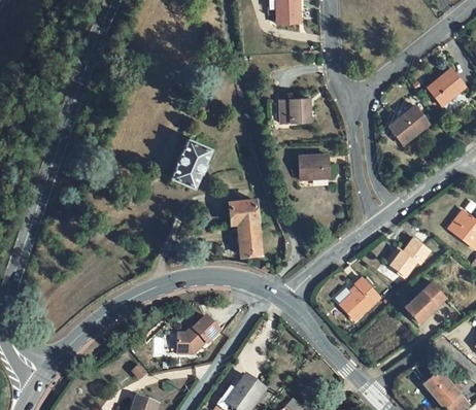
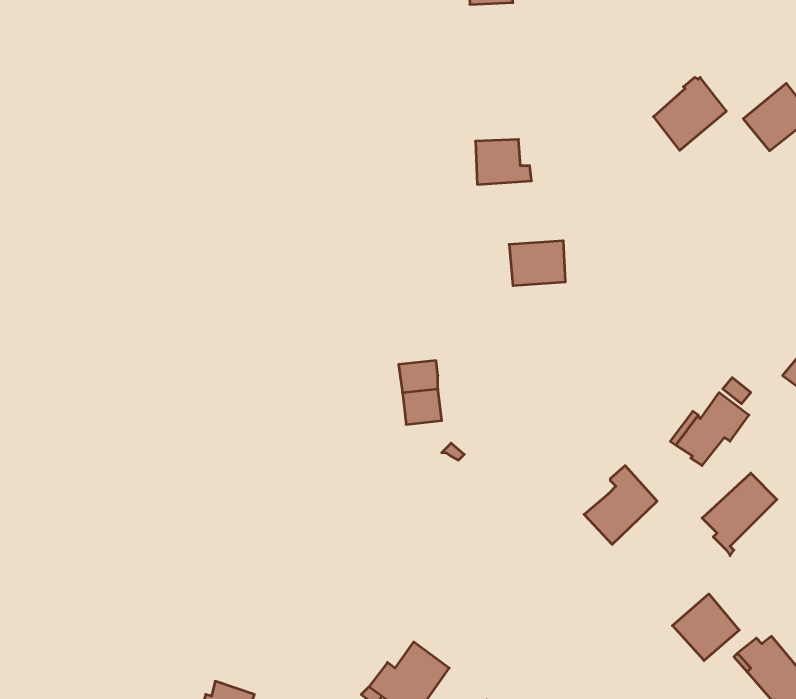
building: [388,104,429,144] -> [653,77,726,150]
building: [171,138,210,186] -> none
building: [229,199,258,223] -> none
building: [177,315,220,353] -> none
building: none -> [672,594,739,661]

